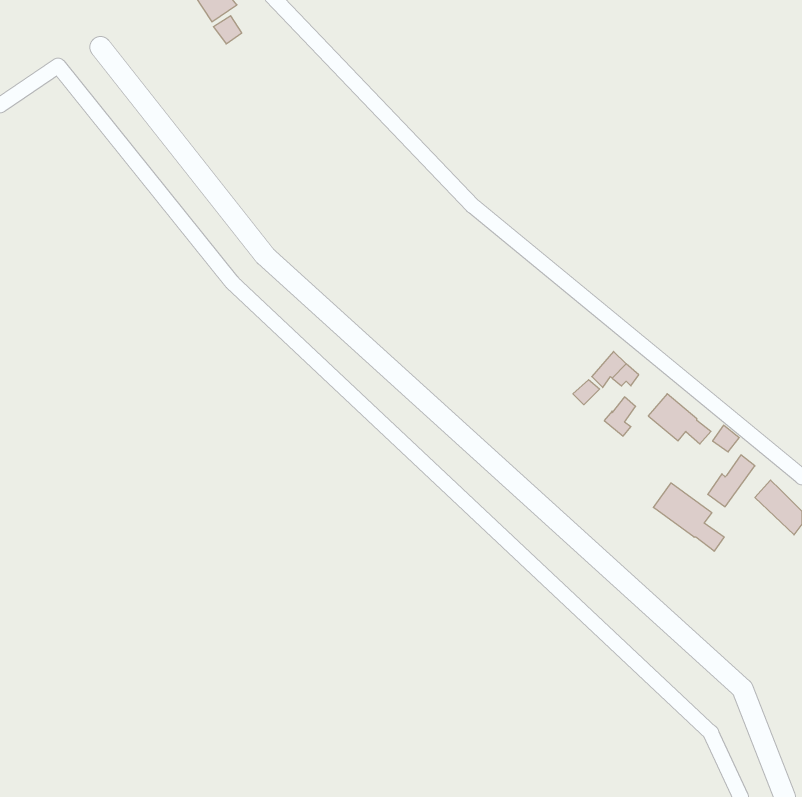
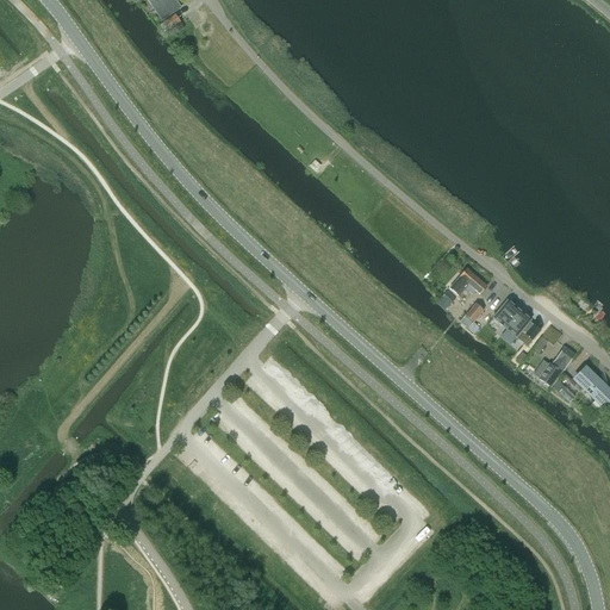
building: [653,483,724,551] -> none

